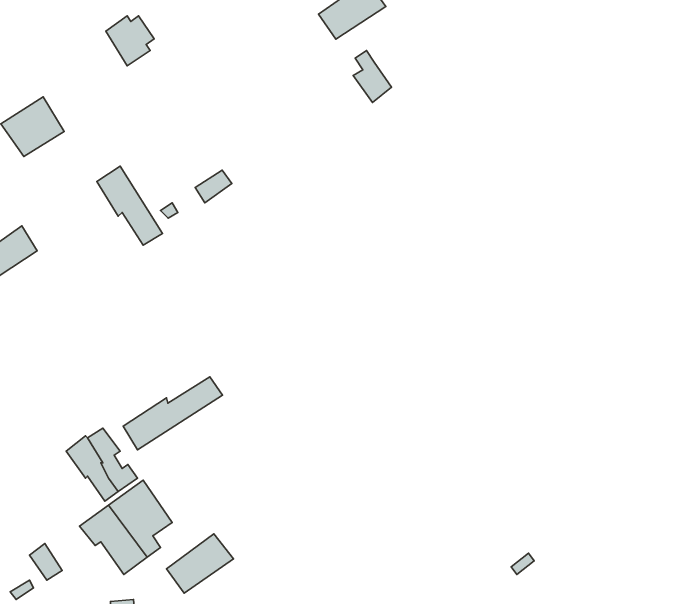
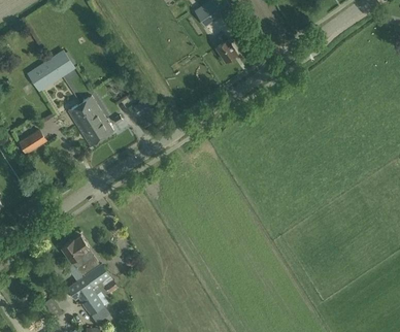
building: [106,16,154,66] -> [48,51,74,77]
building: none -> [67,104,102,146]
building: [123,377,222,450] -> none
building: [166,534,233,593] -> none

